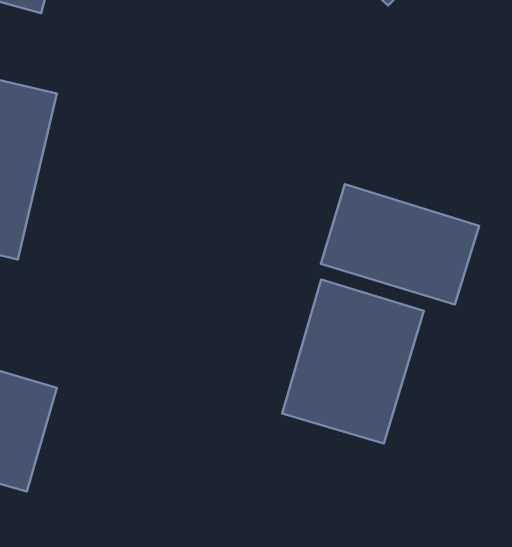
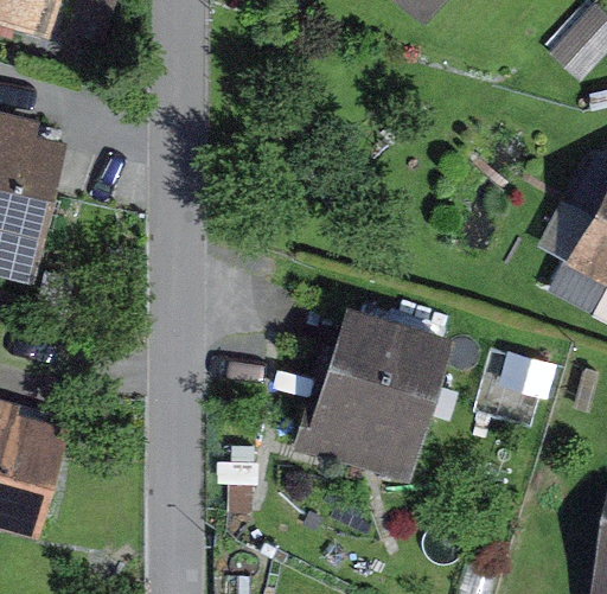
building: [321,184,479,304] -> none

